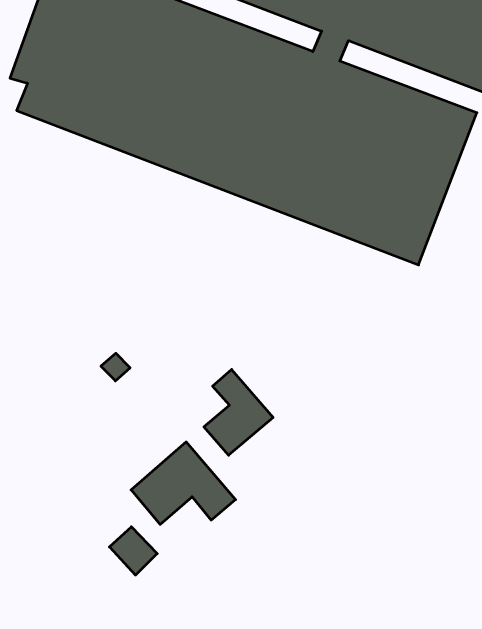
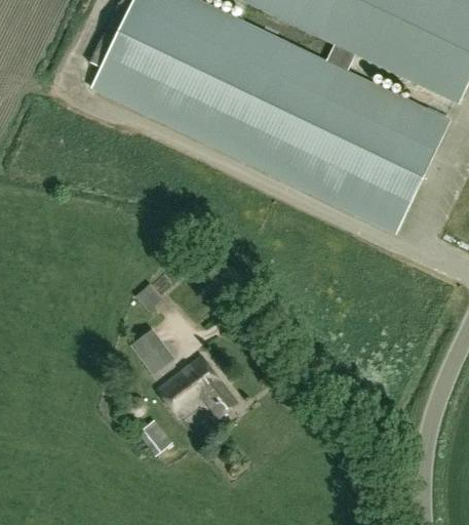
building: [204,369,273,455] -> none
building: none -> [133,323,172,361]

